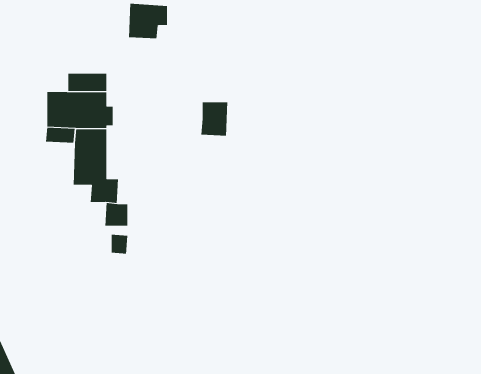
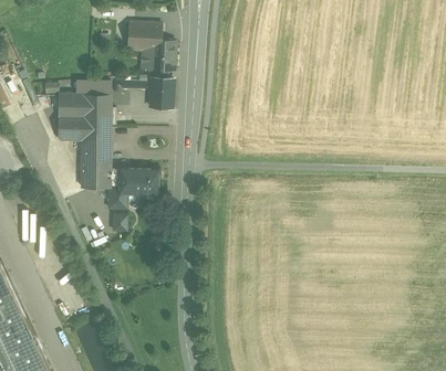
building: none -> [151,42,174,71]
building: [201,102,228,136] -> [148,81,172,109]
building: none -> [117,170,156,197]

